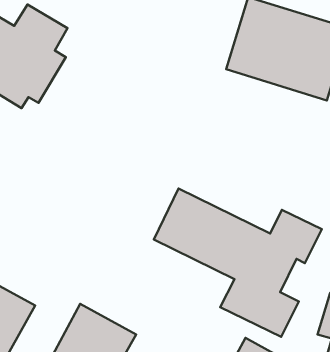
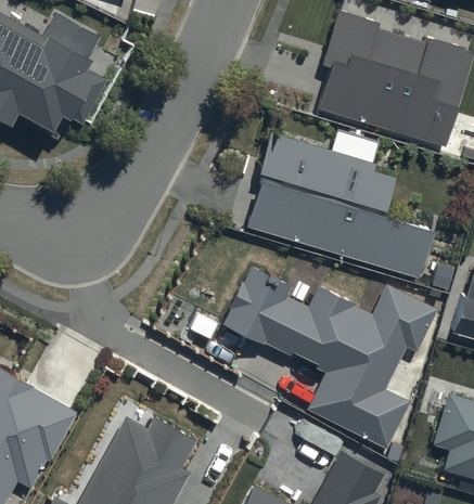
building: none -> [244,134,432,275]

